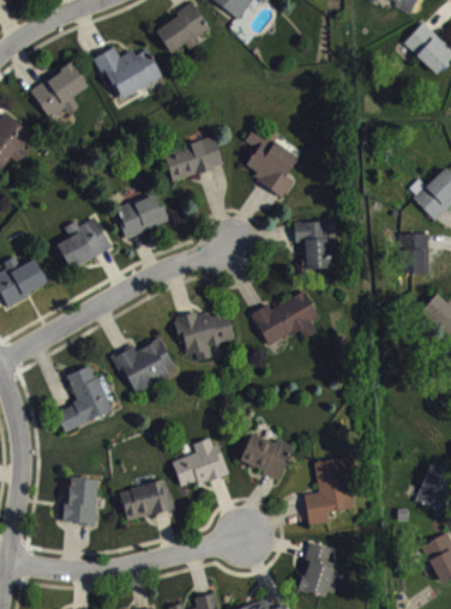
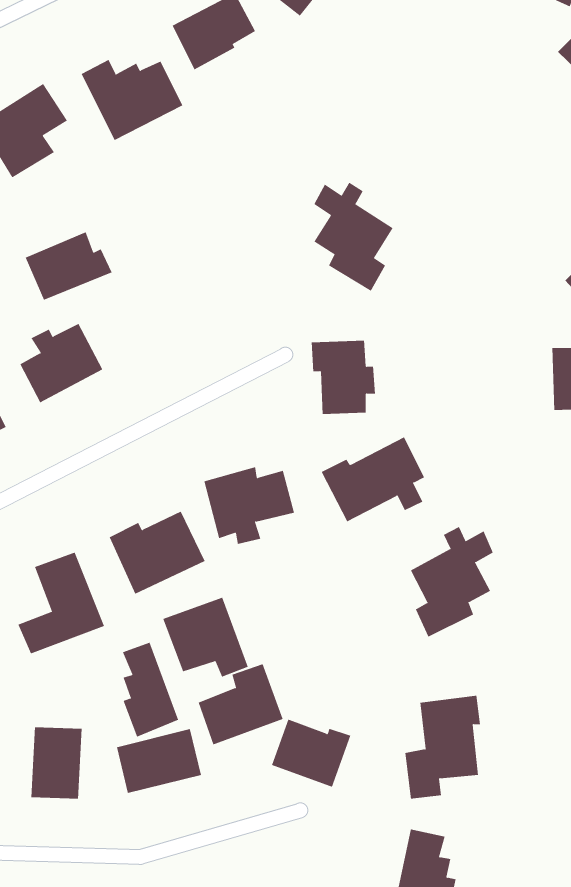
building: [163,137,223,180] -> none
building: [114,193,170,237] -> [25,232,112,300]
building: [294,221,336,269] -> [311,340,376,415]
building: none -> [410,526,494,638]
building: none -> [162,597,248,677]
building: none -> [122,642,179,738]
building: [240,433,291,477] -> [271,719,351,788]

